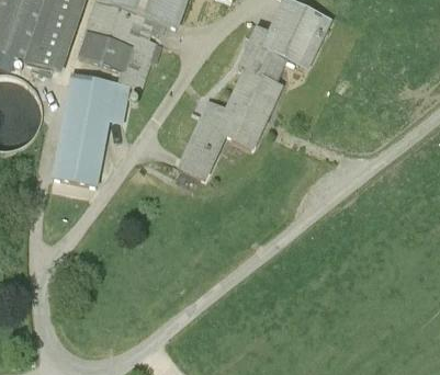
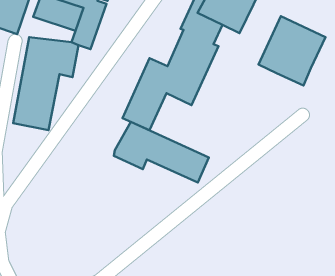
building: none -> [259,16,326,86]
building: none -> [114,122,209,183]

